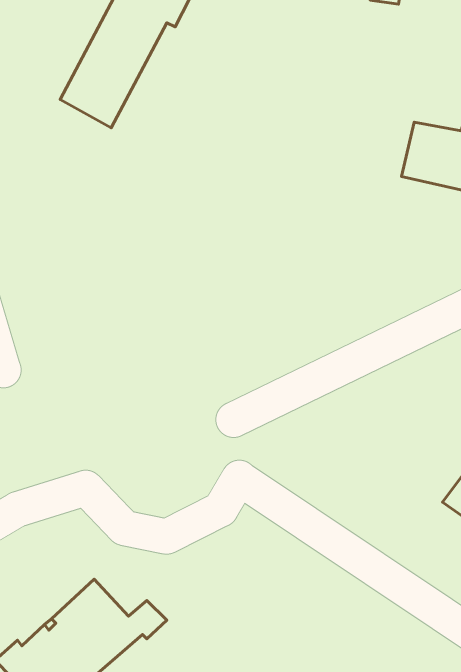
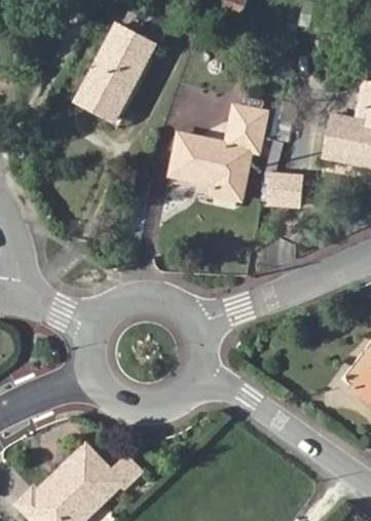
building: none -> [168,107,264,198]
building: none -> [267,175,299,206]

